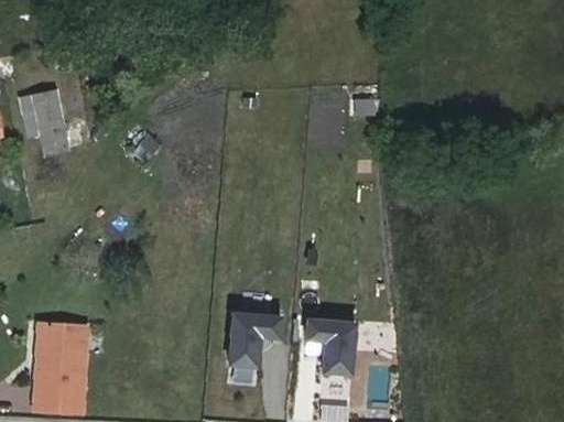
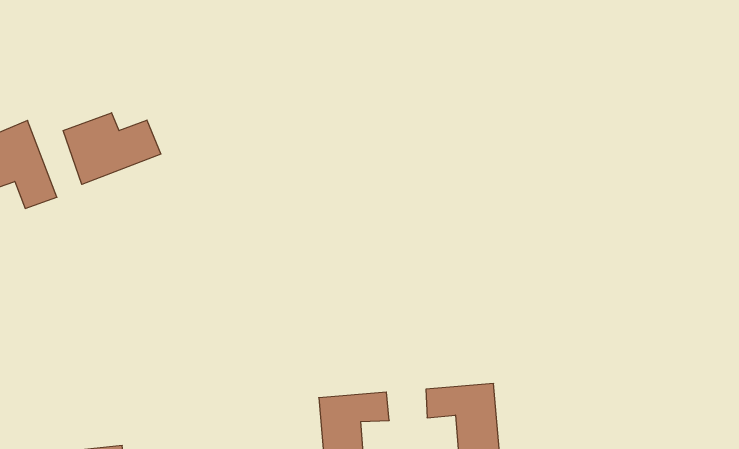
building: none -> [63,113,161,184]

